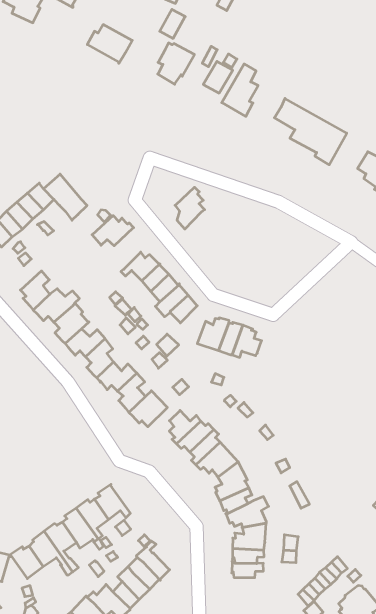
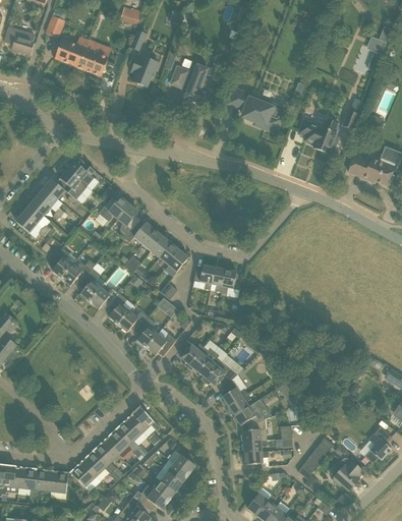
building: none -> [54,40,83,66]
building: none -> [66,162,94,187]
building: [175,187,205,229] -> [116,204,139,237]

